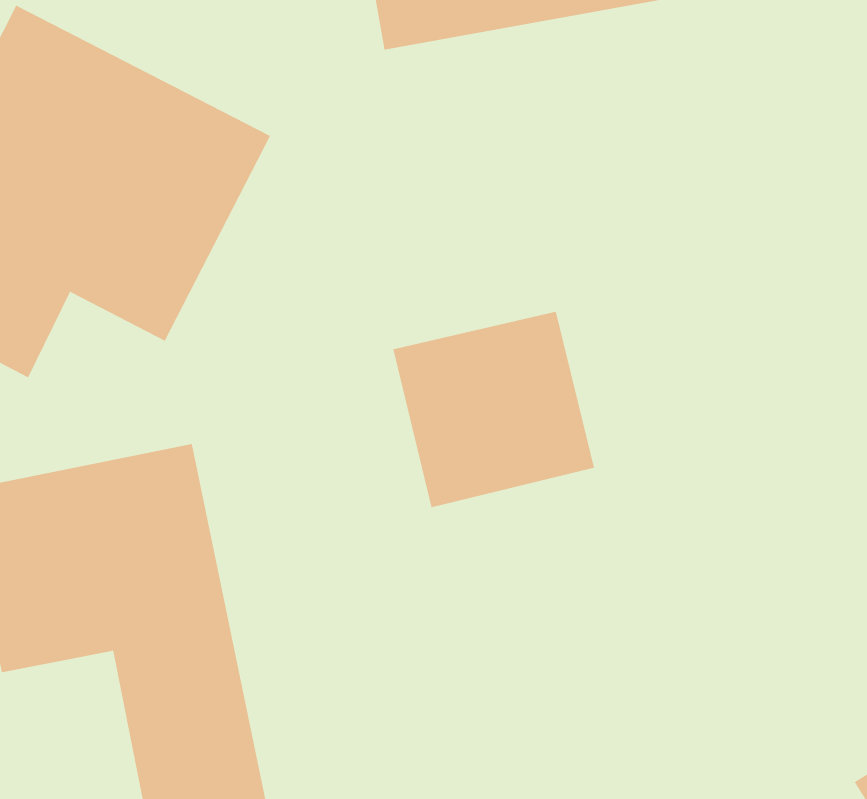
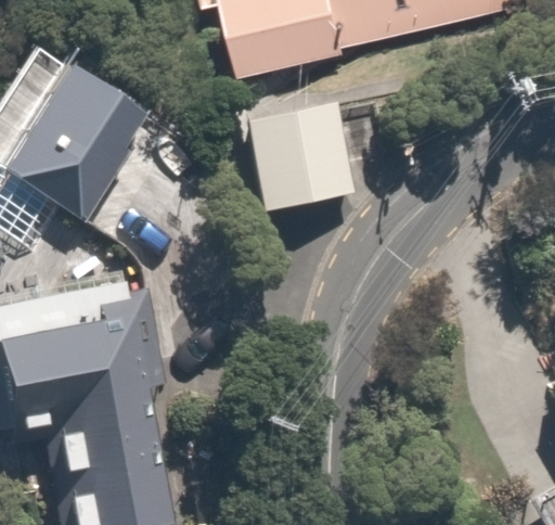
building: [393,311,595,508] -> [237,95,358,213]

